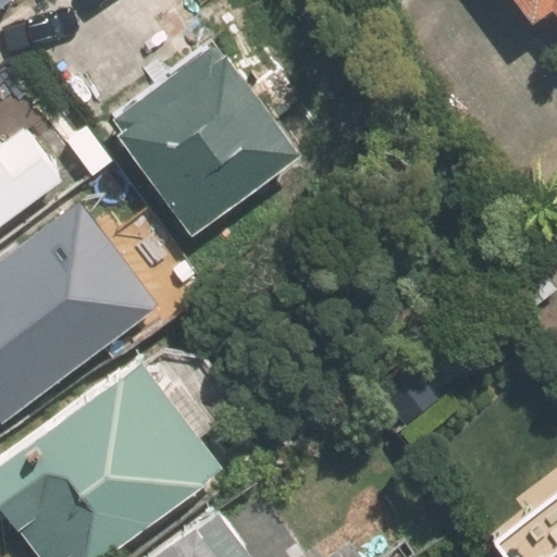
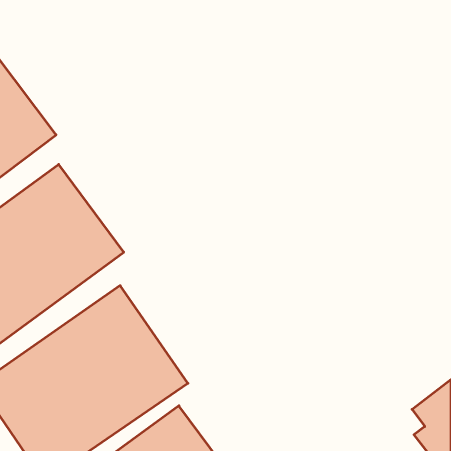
building: [104,40,304,243] -> none

